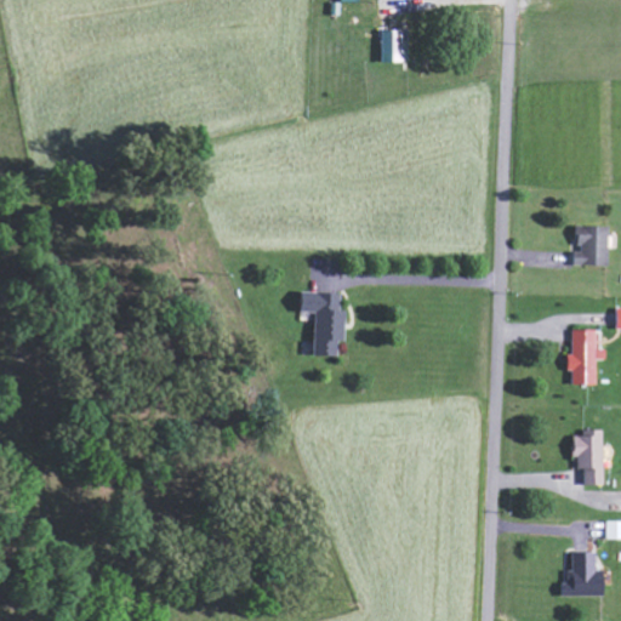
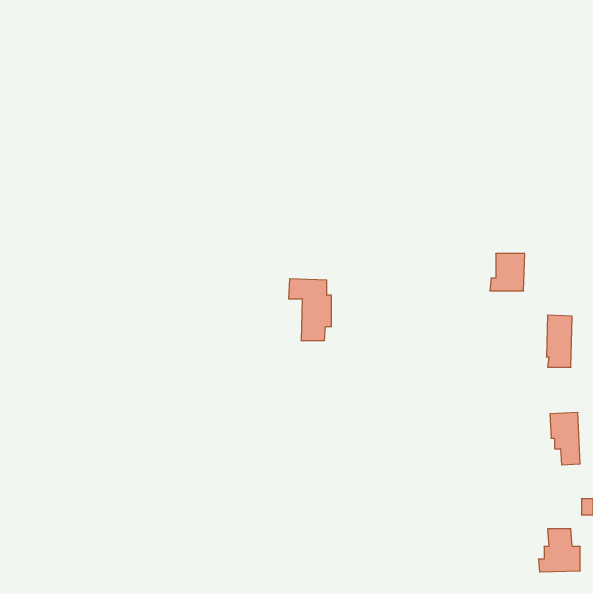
building: [382,29,403,61] -> none
building: [572,226,609,264] -> [490,254,525,291]

